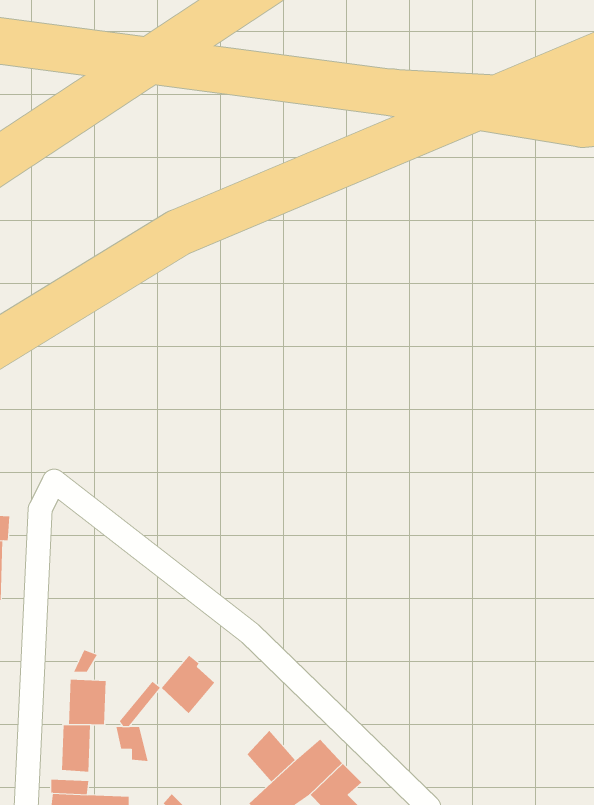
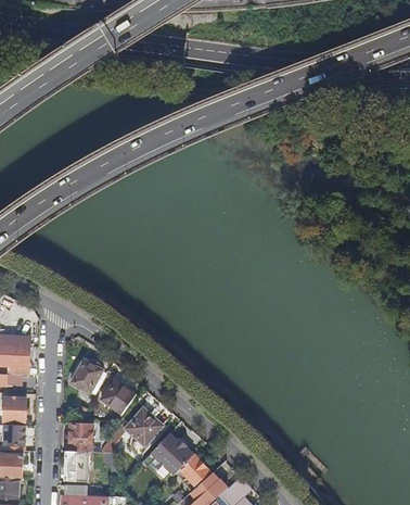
building: none -> [71,358,103,392]
building: none -> [101,380,134,414]
building: none -> [151,433,194,475]

